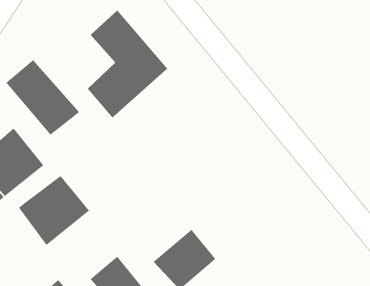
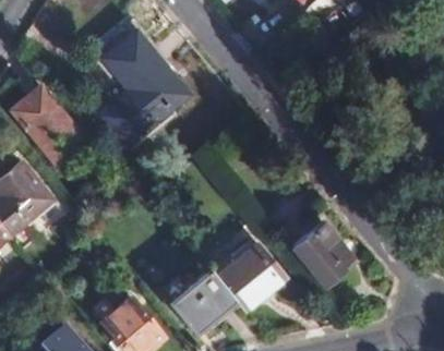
building: [18,175,90,246] -> none
building: none -> [292,222,356,288]
building: none -> [213,238,286,308]

